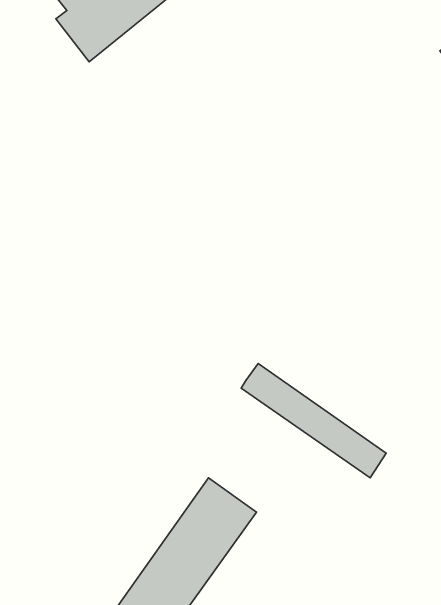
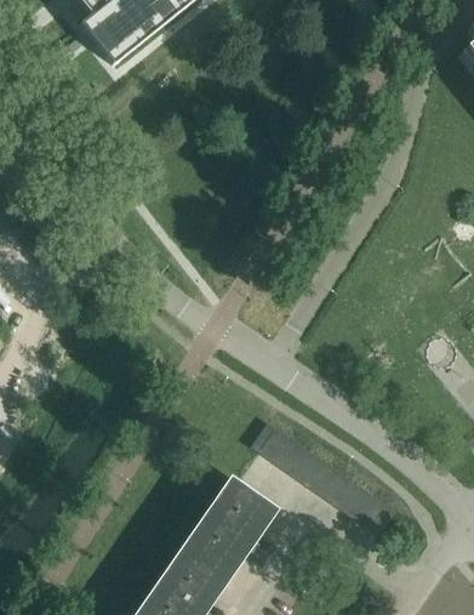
building: [241,363,386,478] -> [252,423,395,536]

